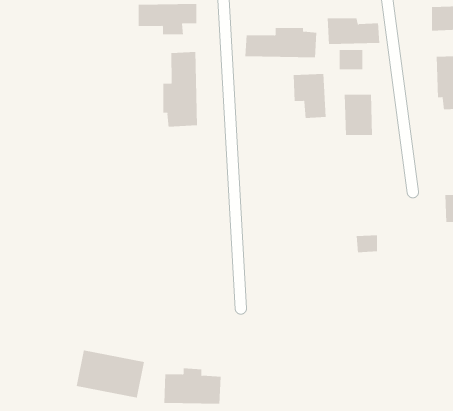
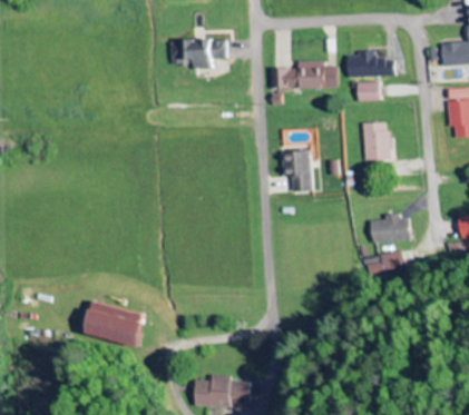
building: [163,51,197,127] -> none
building: [293,74,327,118] -> [282,150,313,191]
building: none -> [369,215,408,241]
building: [76,350,145,398] -> [85,303,148,347]

